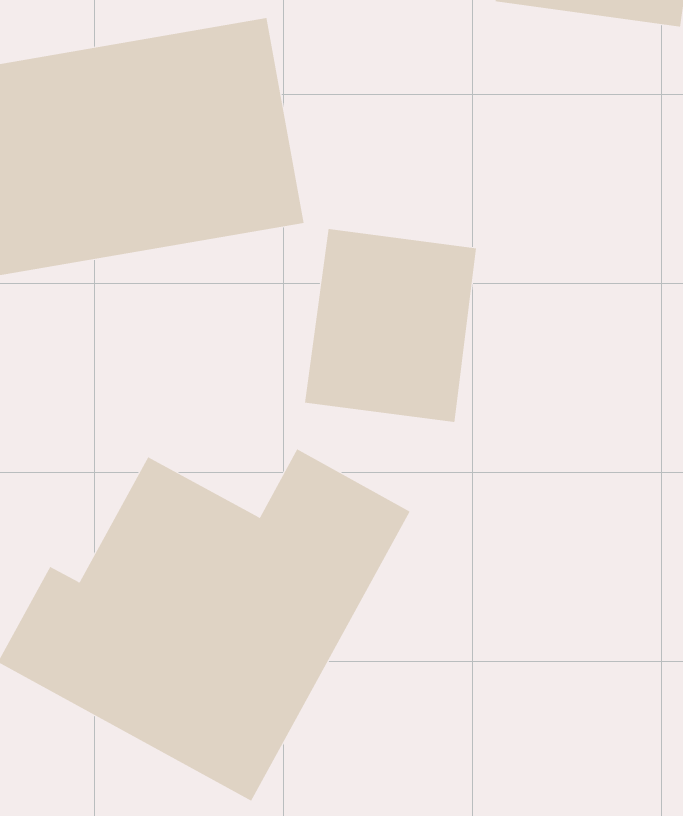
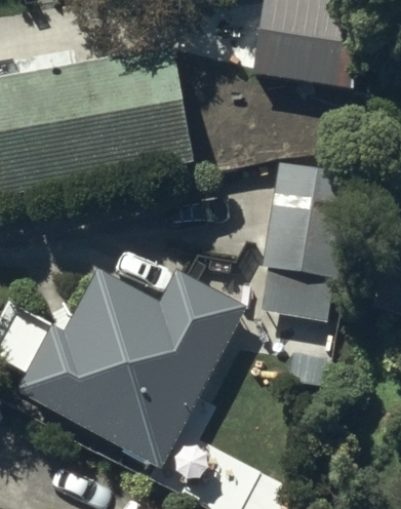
building: [304,228,477,423] -> [267,174,357,276]

